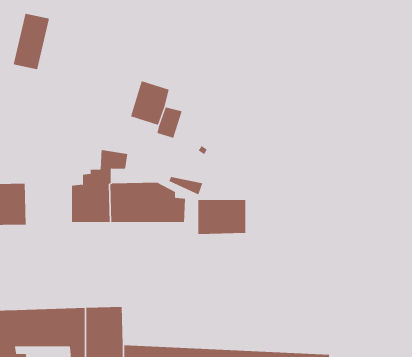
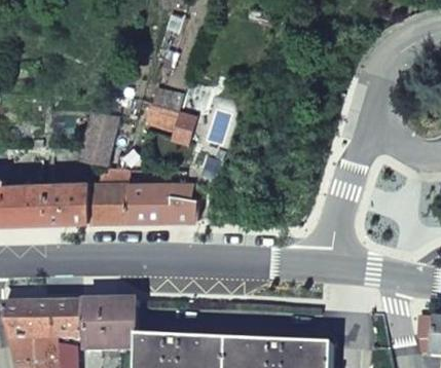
building: [13,13,50,70] -> [79,111,114,164]
building: none -> [45,156,88,223]
building: [198,199,246,235] -> none

